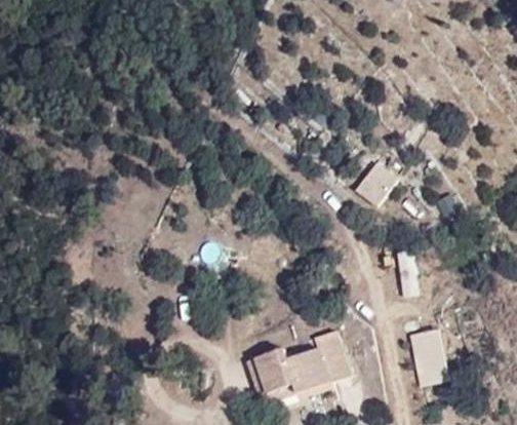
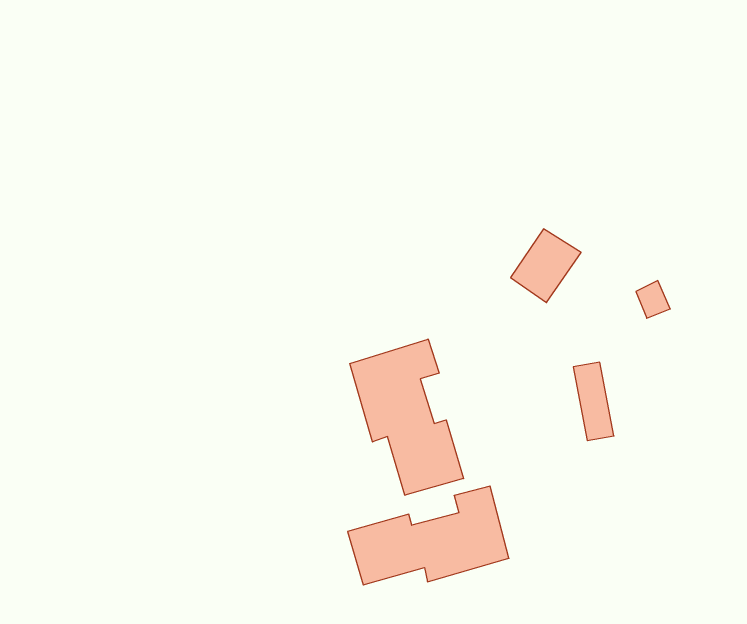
building: none -> [350,339,464,495]
building: [407,329,448,387] -> none

